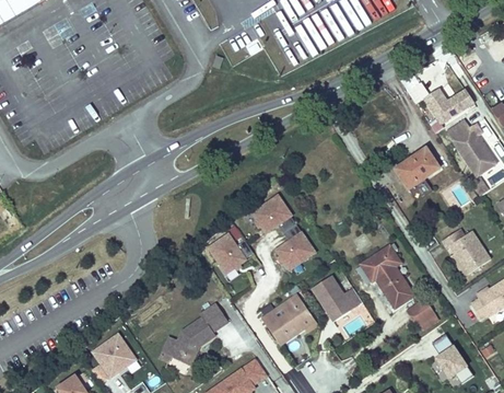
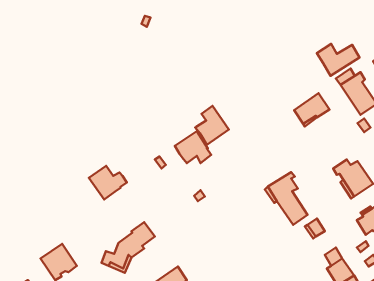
building: [276,223,316,270] -> [195,106,229,145]
building: [208,233,254,274] -> [89,166,127,200]
building: [310,275,361,321] -> none
building: [263,294,314,344] -> none

